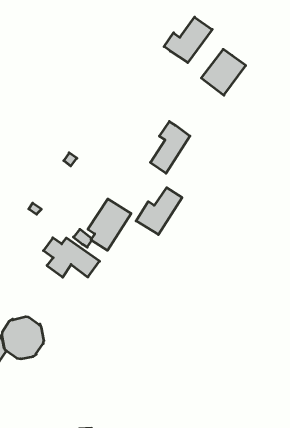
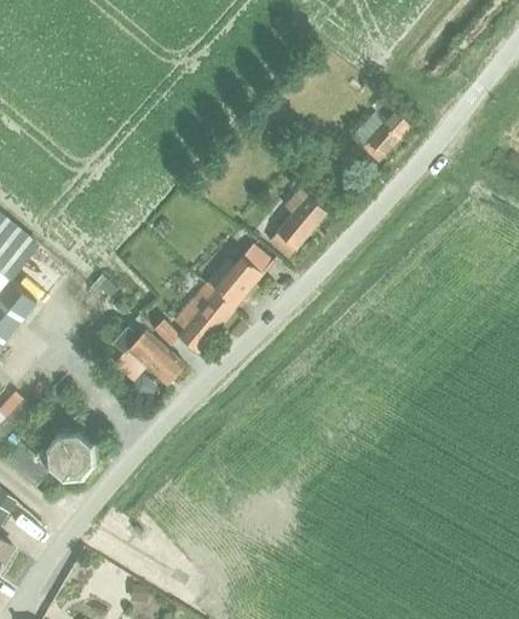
building: [164,17,212,63] -> none
building: [136,188,182,235] -> [207,244,272,306]

